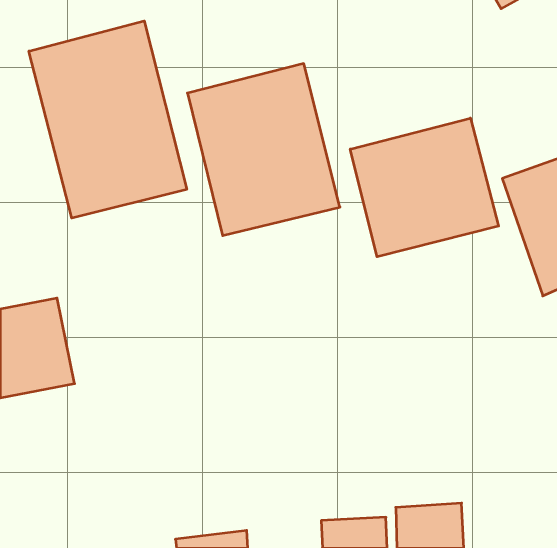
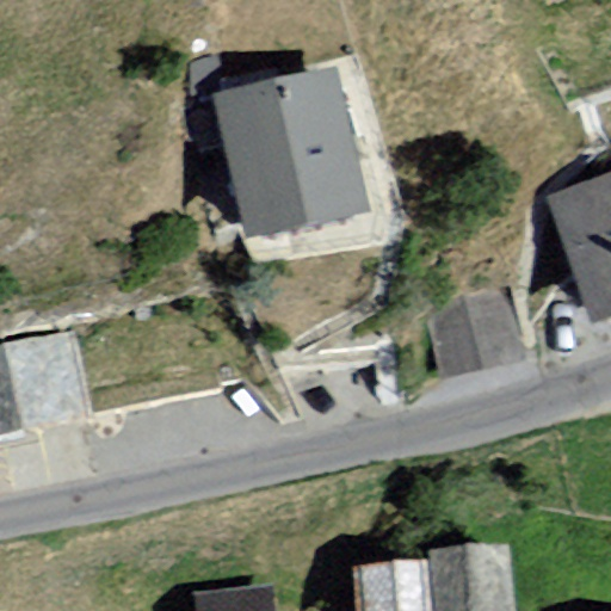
building: [29,21,187,218] -> none
building: [350,118,499,257] -> none

